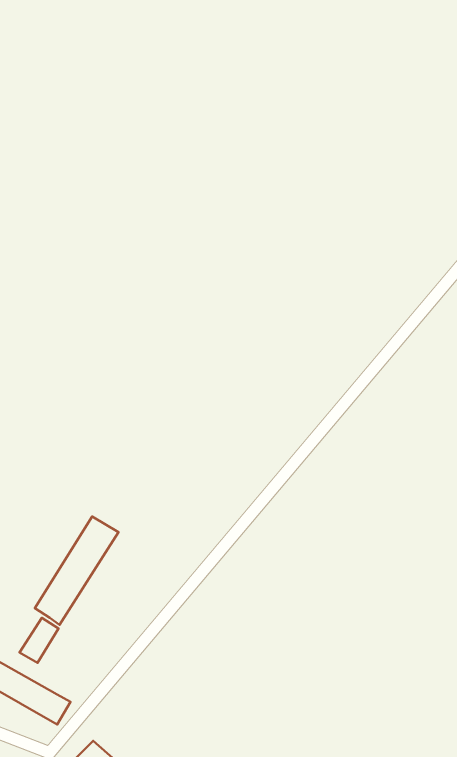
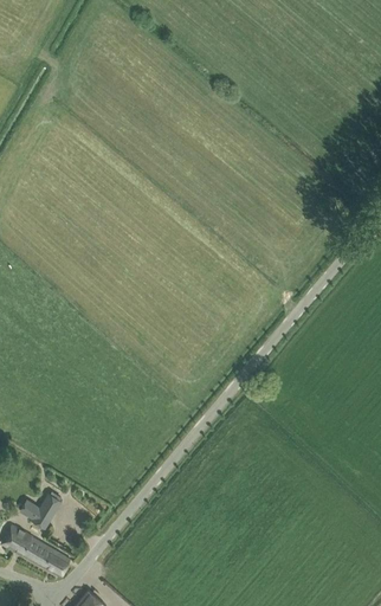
building: [35,517,118,625] -> none

